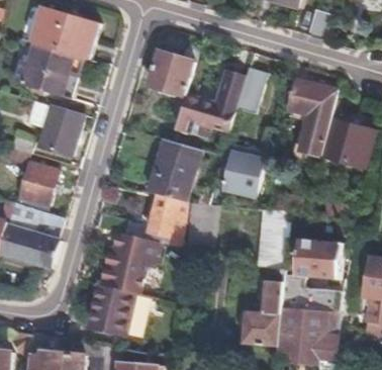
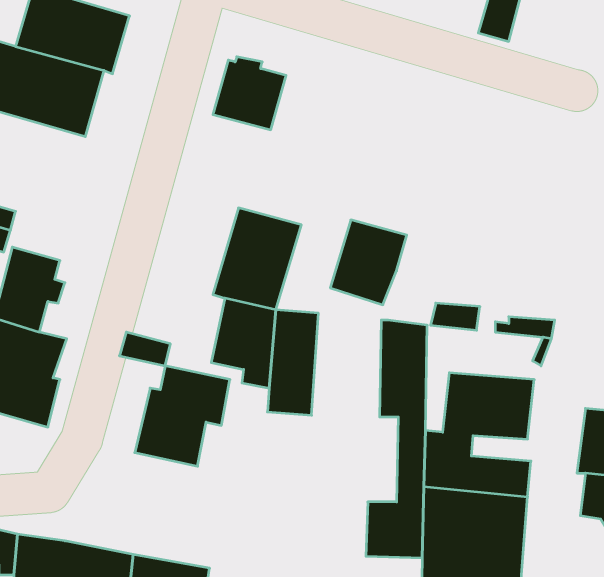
building: [178,67,266,128] -> none
building: [289,80,338,157] -> none
building: [35,104,83,157] -> none
building: [325,112,374,168] -> none
building: [89,284,153,339] -> none

